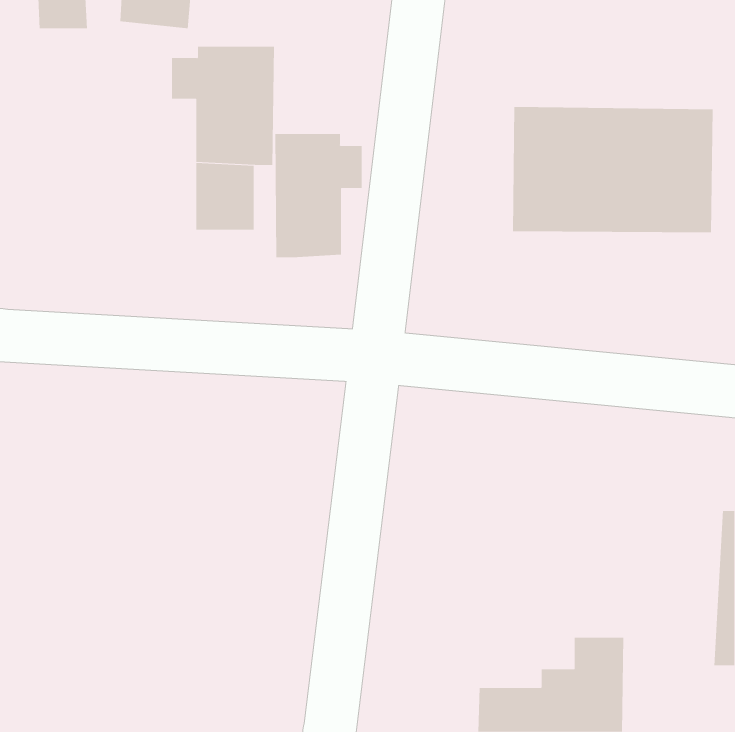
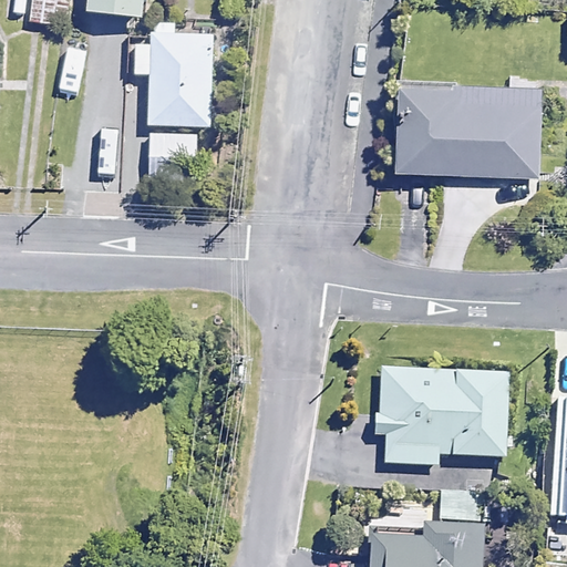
building: [275,133,362,258] -> none
building: none -> [378,364,509,463]

